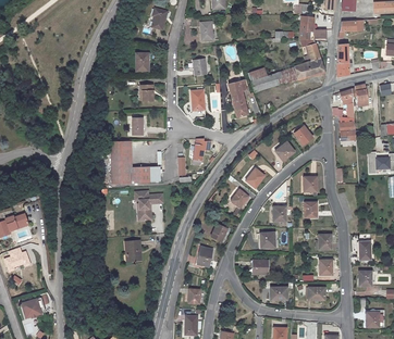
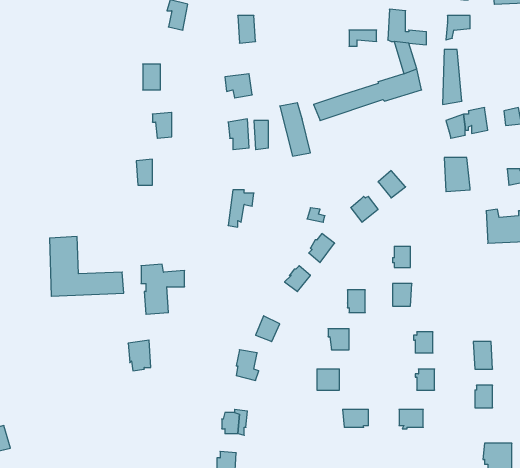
building: [111,142,161,183] -> [50,237,124,296]

